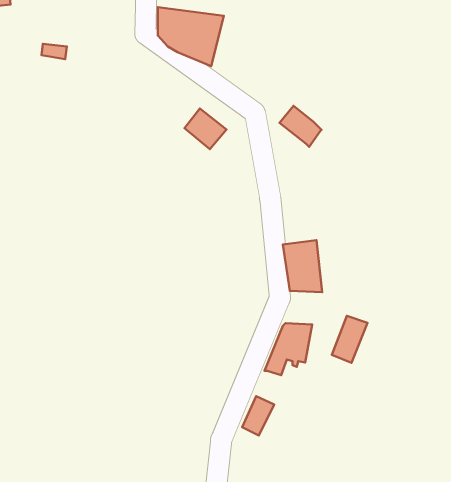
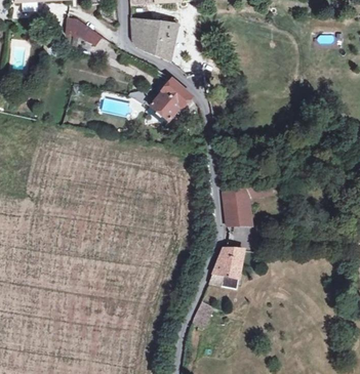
building: none -> [65,17,102,43]
building: [280,106,322,147] -> [161,79,192,109]
building: [332,316,368,363] -> none

